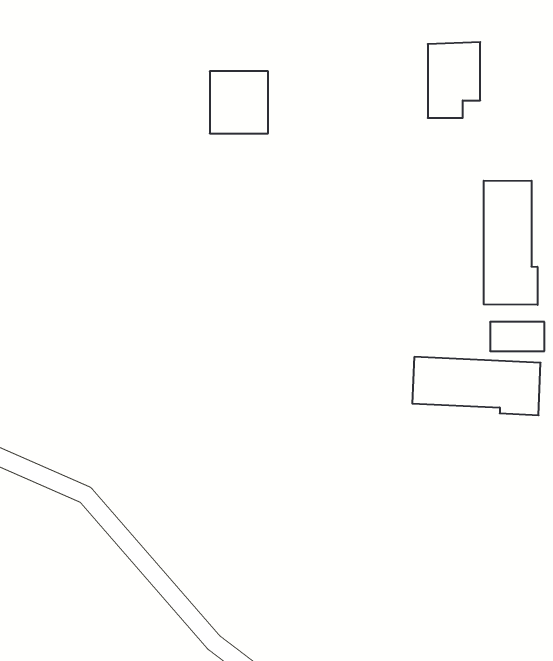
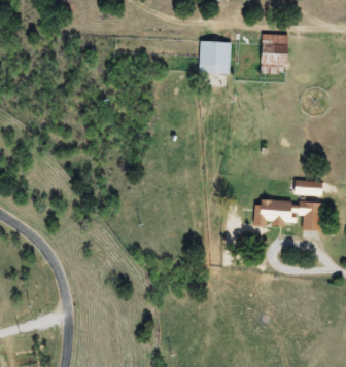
building: [210,71,268,133] -> [199,40,230,73]
building: [484,181,538,305] -> none

